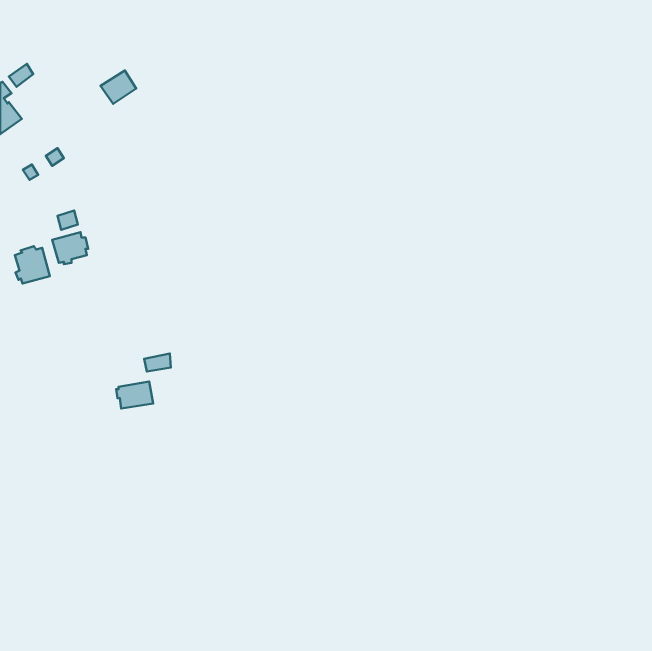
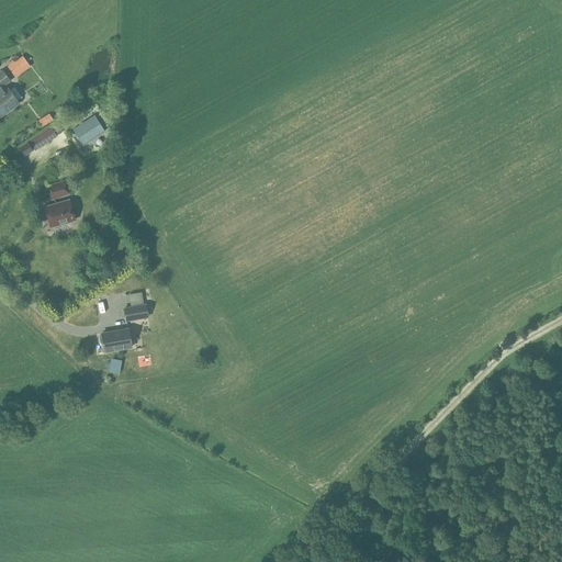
building: [101,70,136,104] -> [72,114,103,143]
building: [15,246,50,284] -> none

